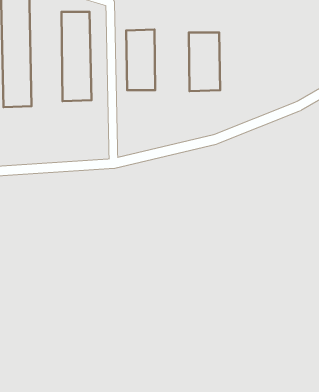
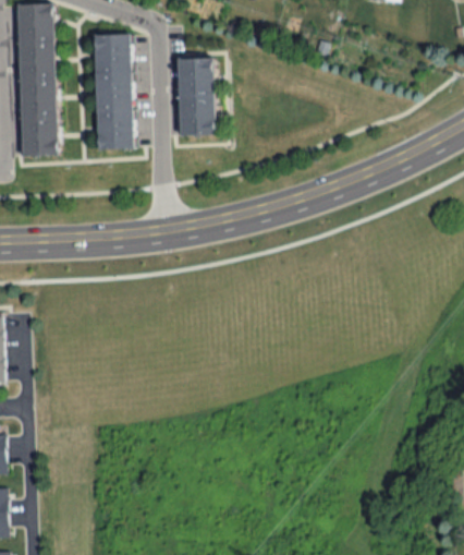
building: [189,32,220,91] -> none

